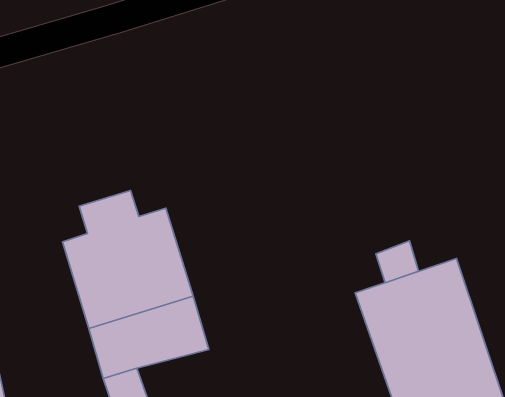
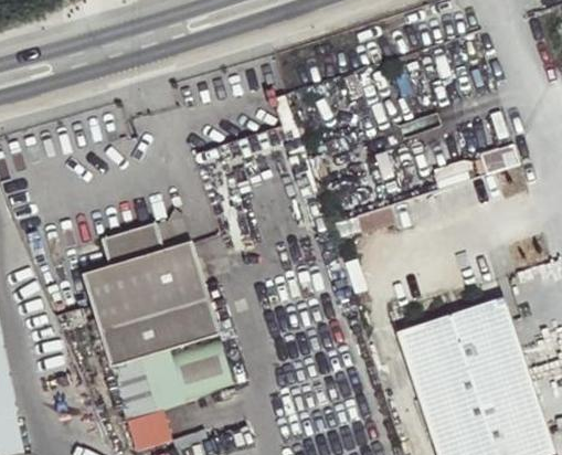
building: [376,241,419,283] -> none

